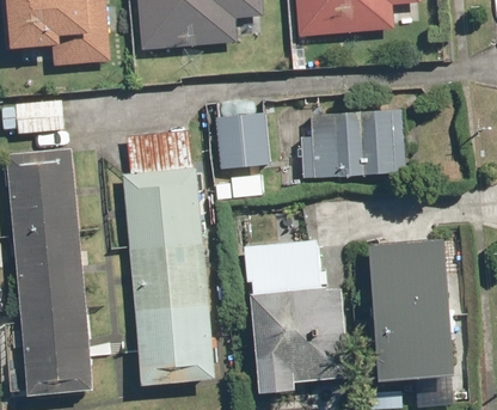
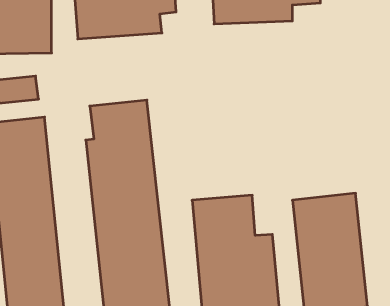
building: [308,105,404,176] -> none
building: [215,110,271,166] -> none

